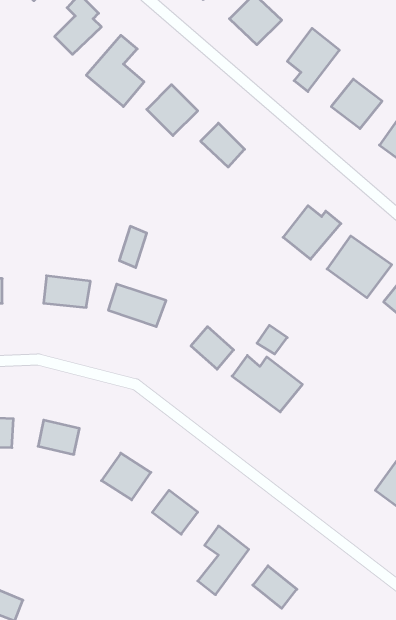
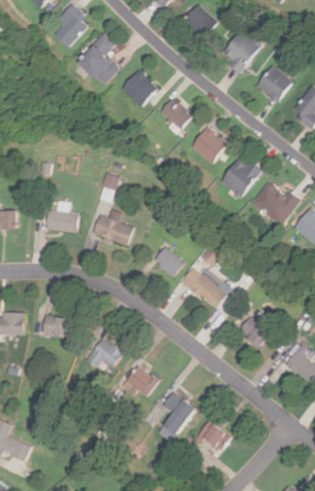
building: none -> [192,127,228,163]
building: none -> [238,316,271,348]

